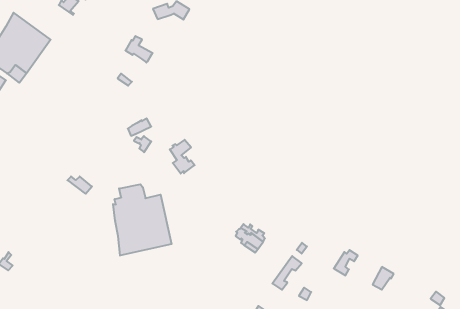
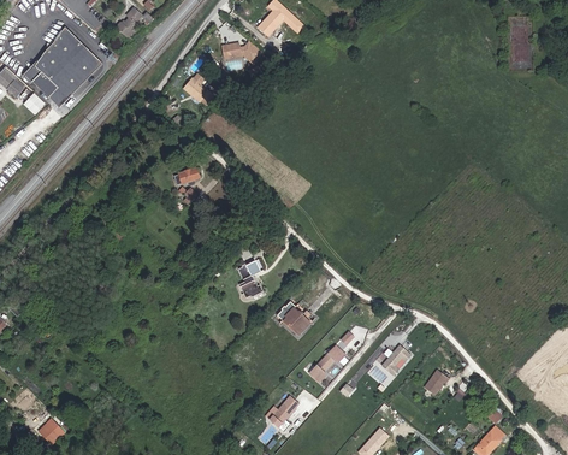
building: [170,140,195,174] -> [237,260,262,297]
building: [113,184,172,256] -> none

